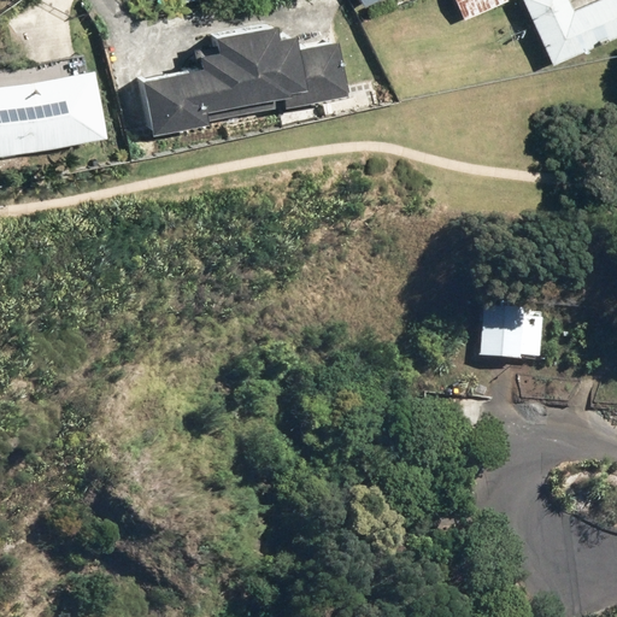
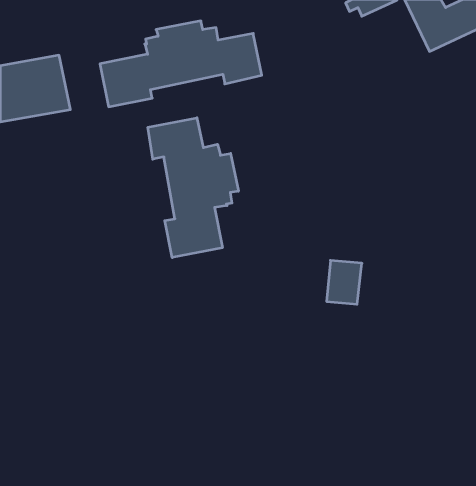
building: none -> [148,118,238,258]
building: [487,305,531,360] -> [327,260,362,304]

